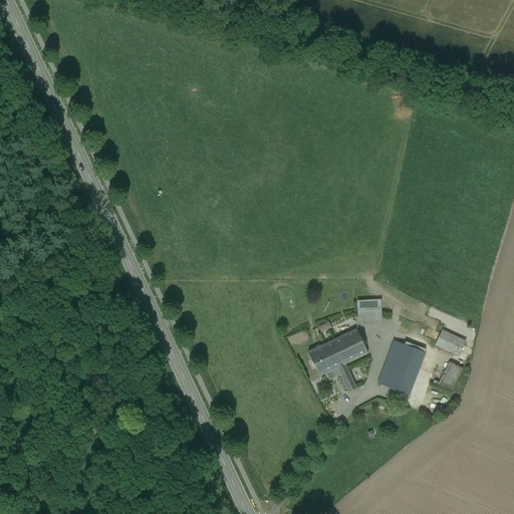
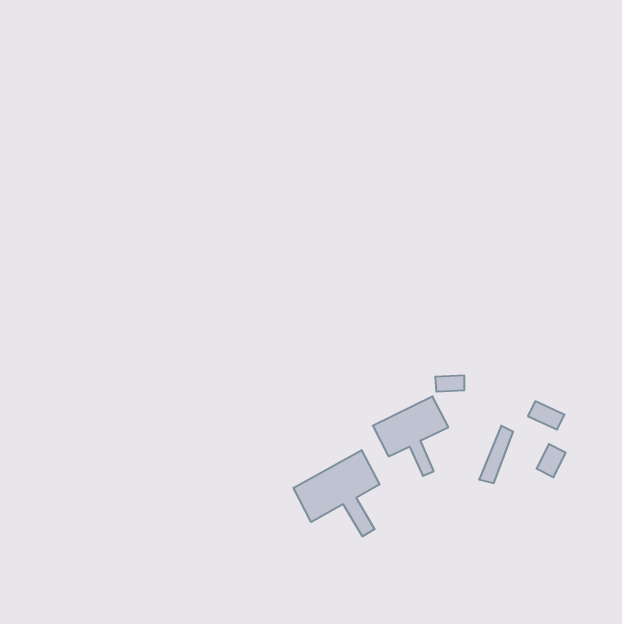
building: [376,336,416,394] -> none
building: none -> [293,450,380,536]

